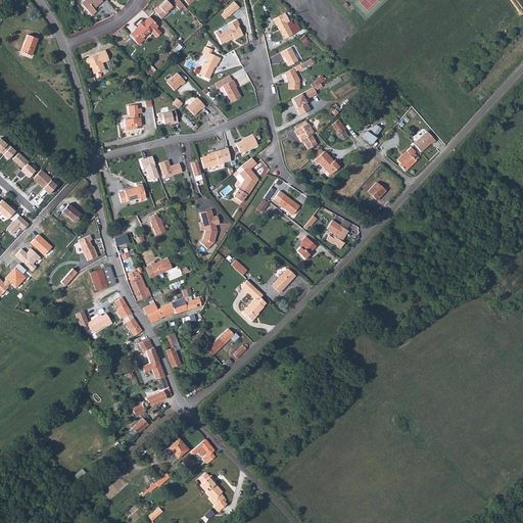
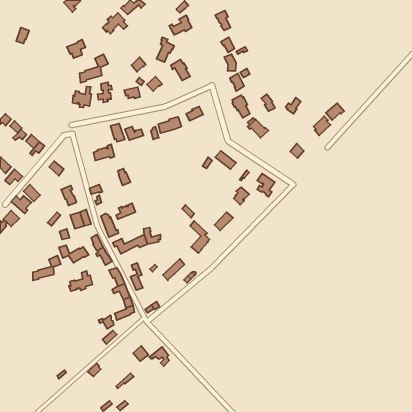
building: none -> [80,54,108,83]
building: none -> [73,86,91,108]
building: [233,157,258,202] -> none
building: [199,209,219,249] -> none
building: none -> [33,256,61,281]
building: none -> [69,271,93,291]
building: [198,474,227,512] -> none

